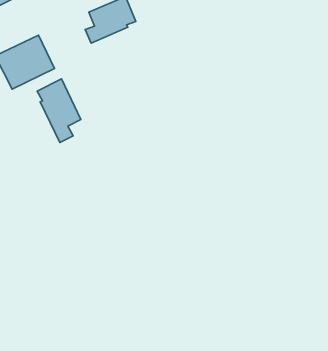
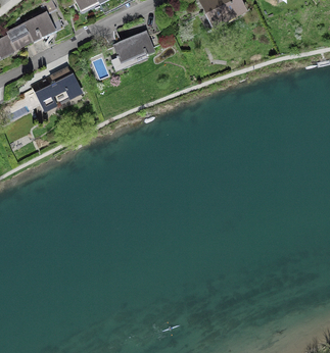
building: [37,79,81,143] -> none

